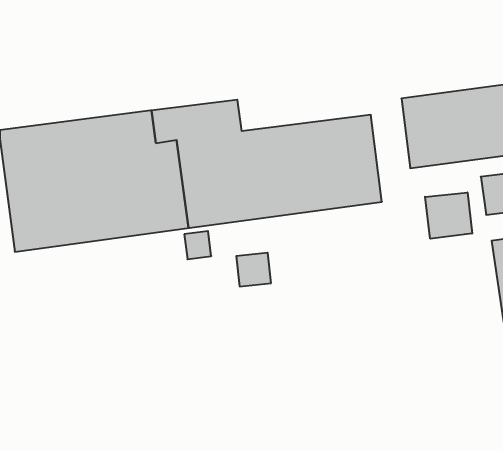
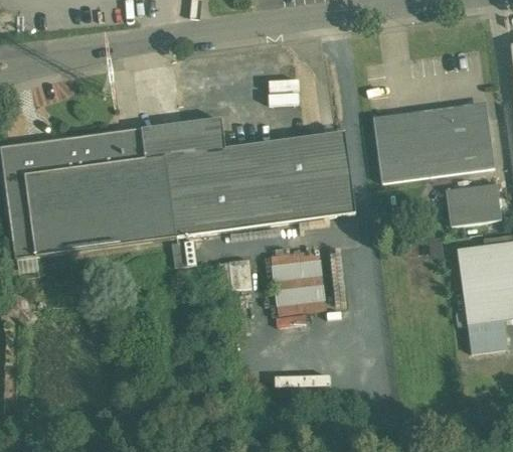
building: [425,192,472,239] -> none
building: none -> [271,252,327,327]

